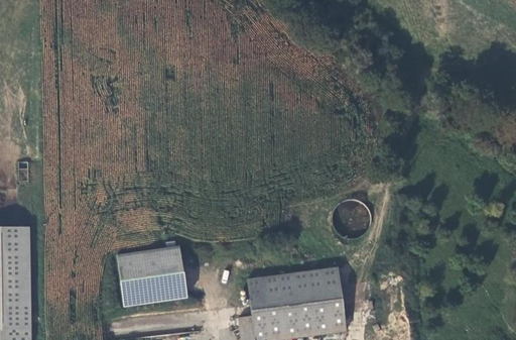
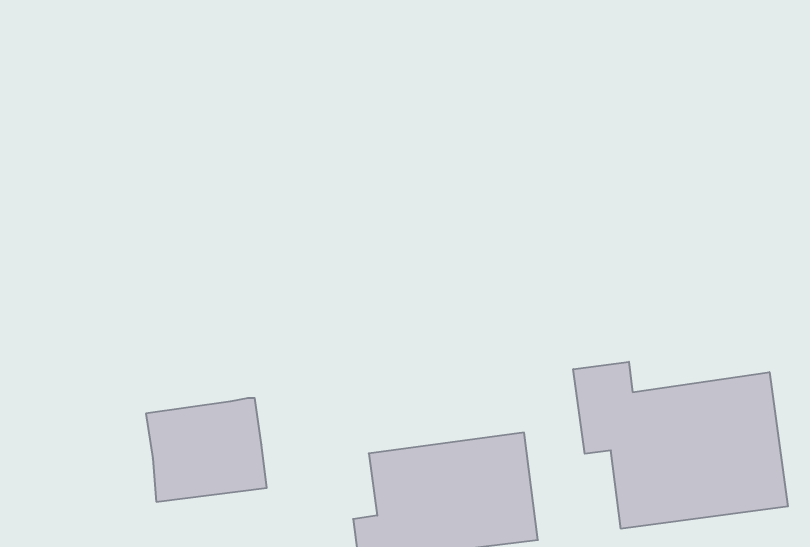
building: none -> [573,362,788,529]

